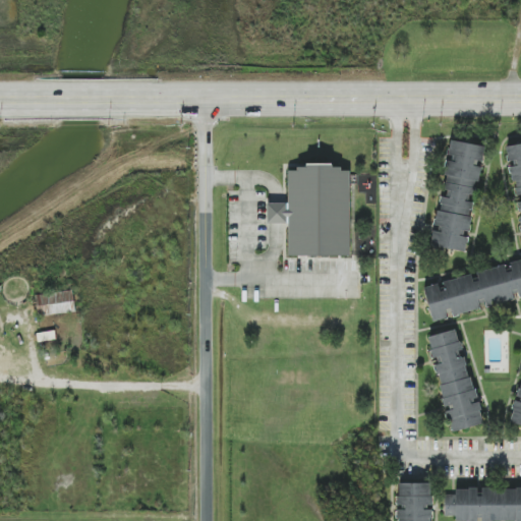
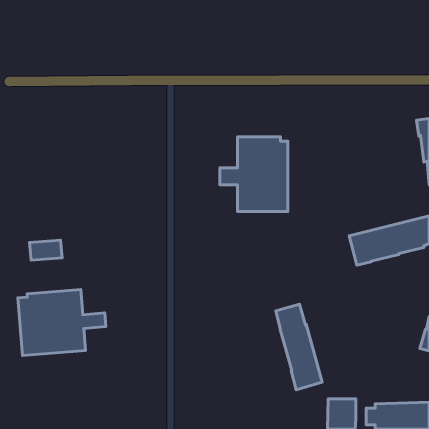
building: [432,141,484,251] -> none
building: [427,329,483,432] -> [276,304,322,390]
building: none -> [18,289,106,356]

